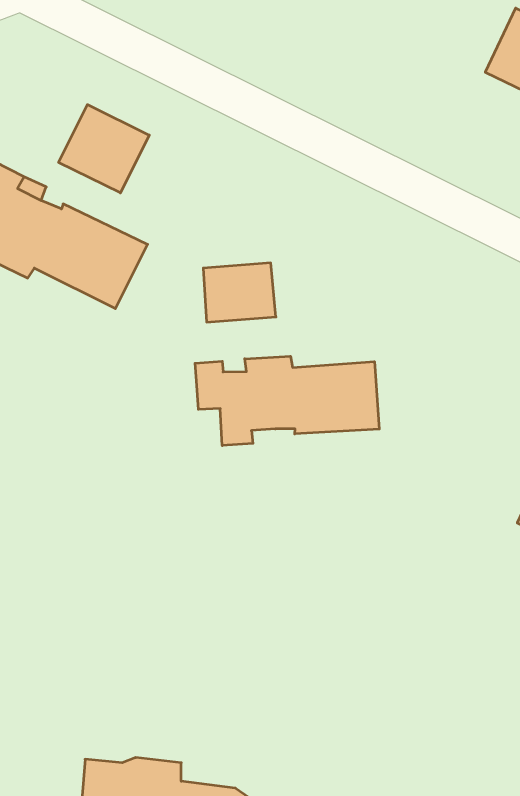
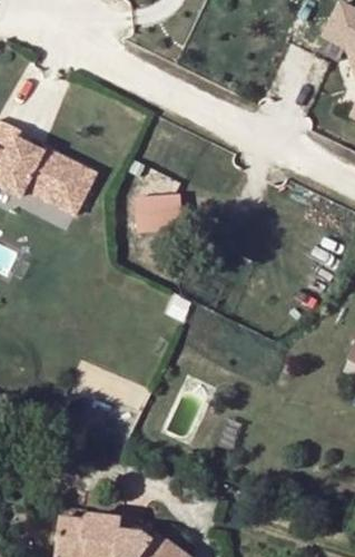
building: [59,105,149,193] -> none
building: [195,356,379,446] -> none

